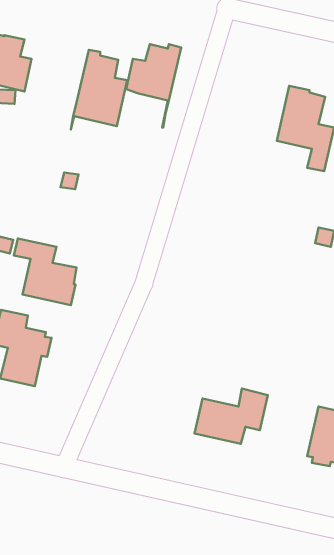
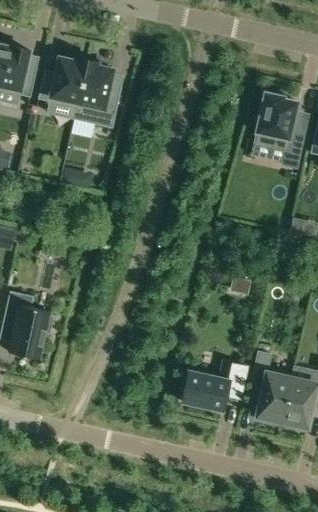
building: [126,44,181,127] -> [38,57,87,131]
building: [14,238,77,305] -> none
building: none -> [252,352,291,425]

